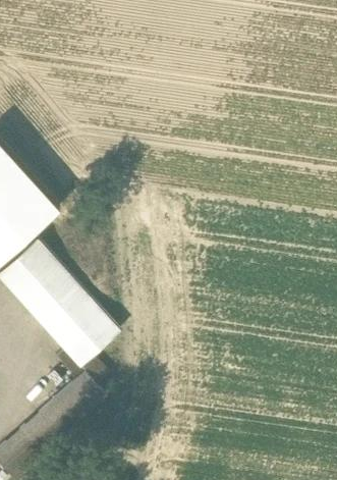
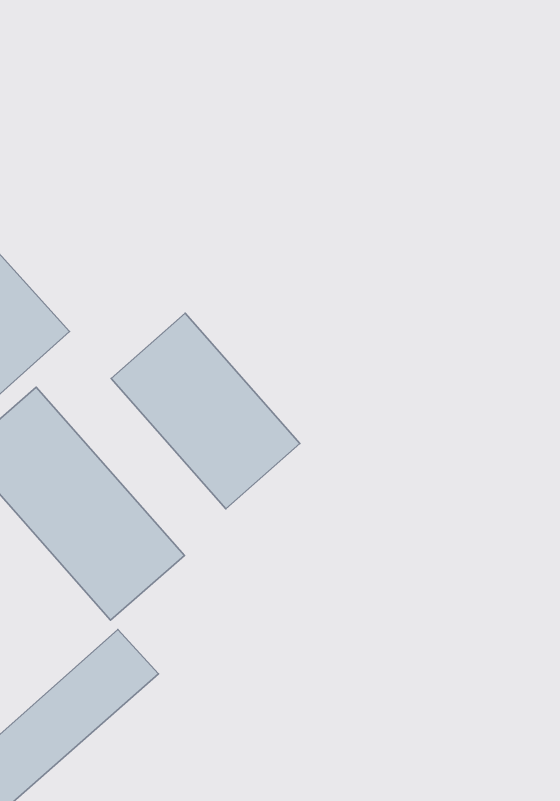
building: none -> [111,313,300,509]

